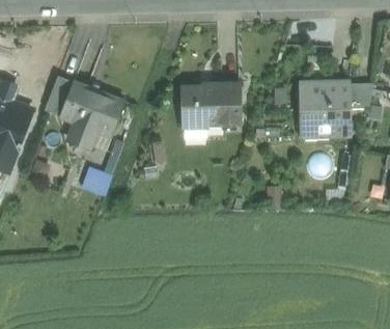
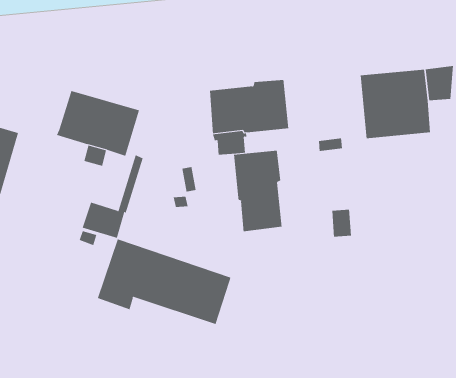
building: [46,74,73,109] -> none
building: none -> [233,150,282,232]
building: none -> [97,239,231,325]

